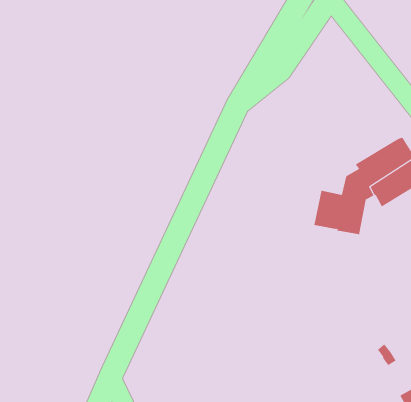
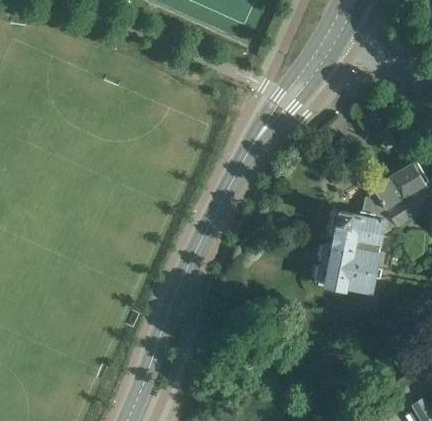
building: none -> [315,243,379,292]

